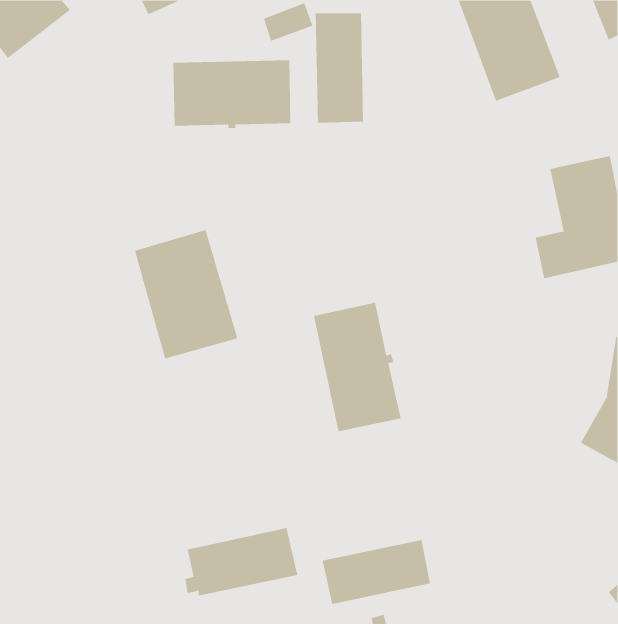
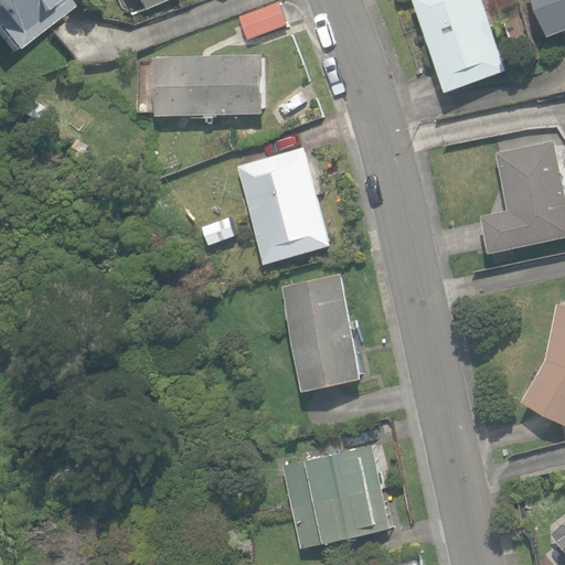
building: [315,13,364,124] -> none
building: [134,230,238,359] -> [237,147,331,264]
building: [184,528,298,596] -> [278,445,381,507]

